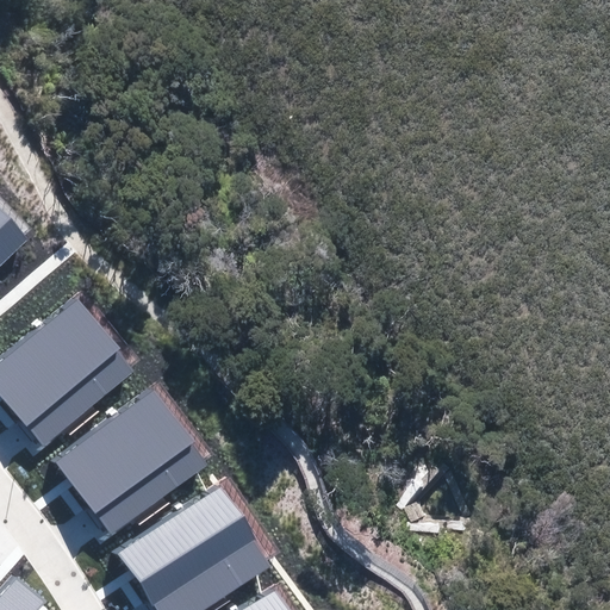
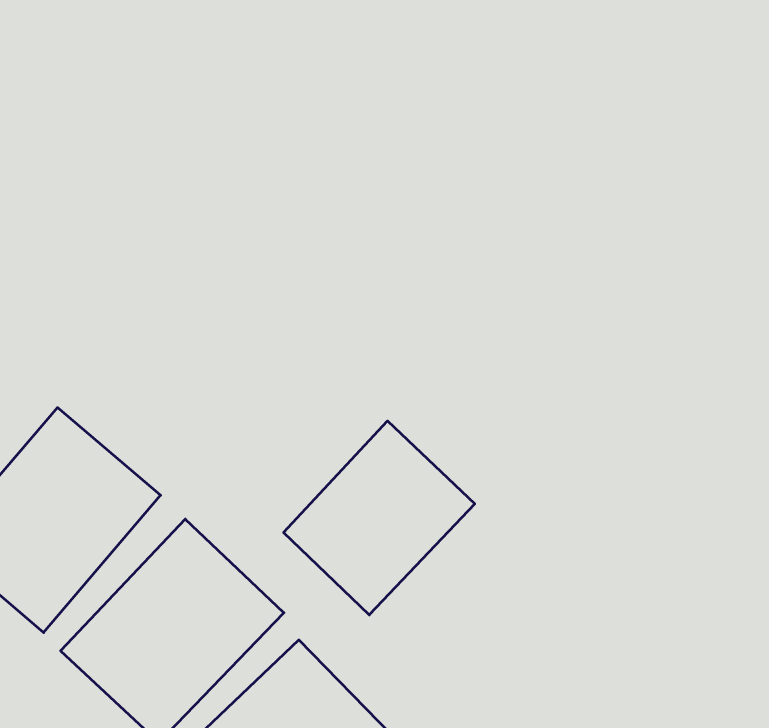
building: none -> [284,421,475,615]

